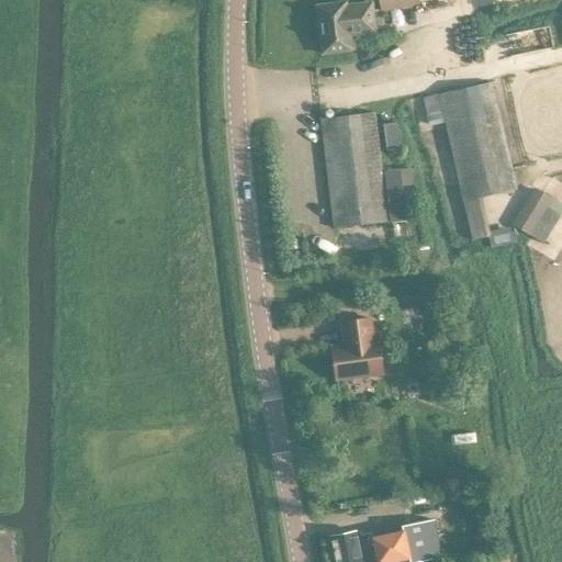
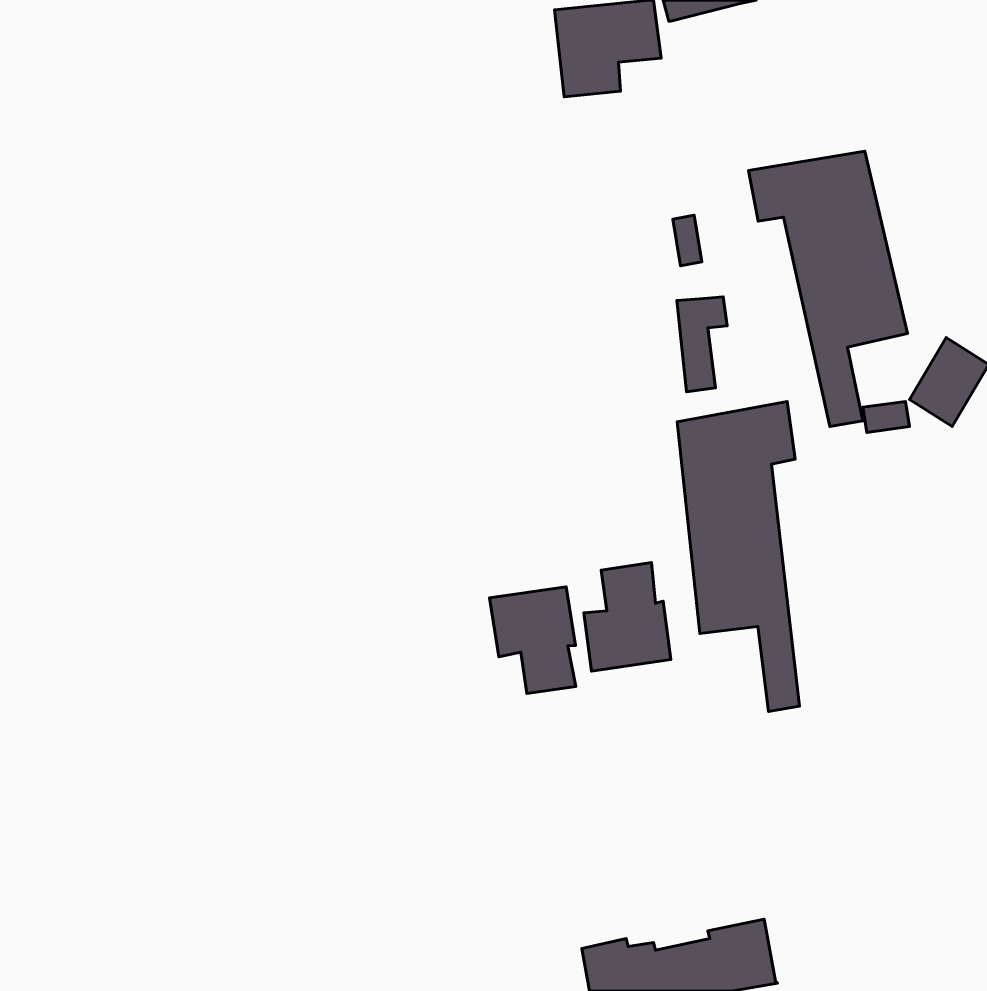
building: [321,114,387,227] -> none
building: none -> [677,402,800,711]
building: none -> [489,587,576,693]

